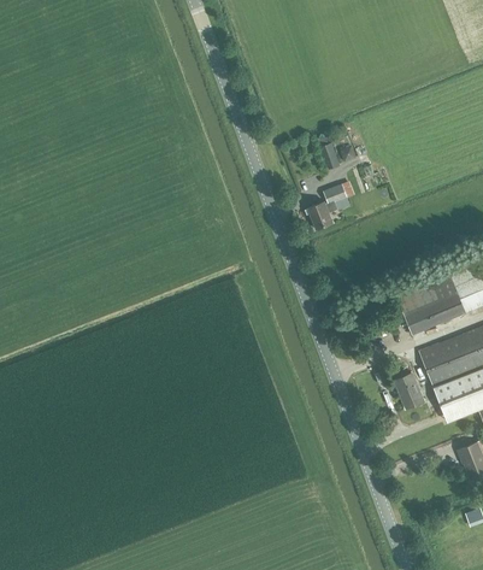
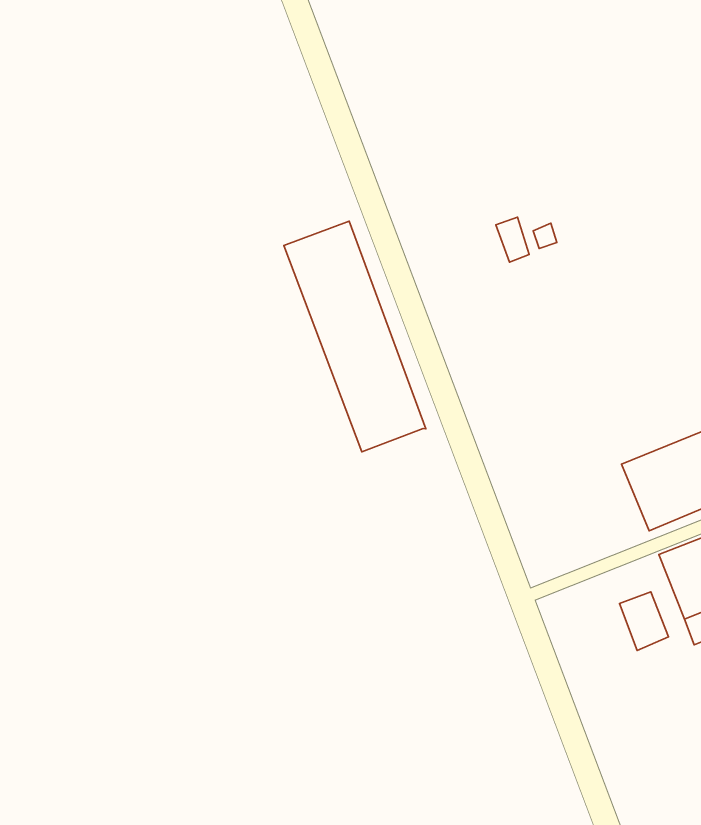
building: none -> [284,221,426,452]
building: [307,184,347,231] -> none

